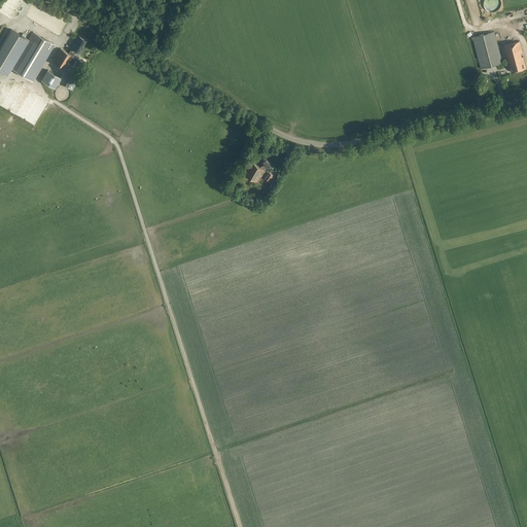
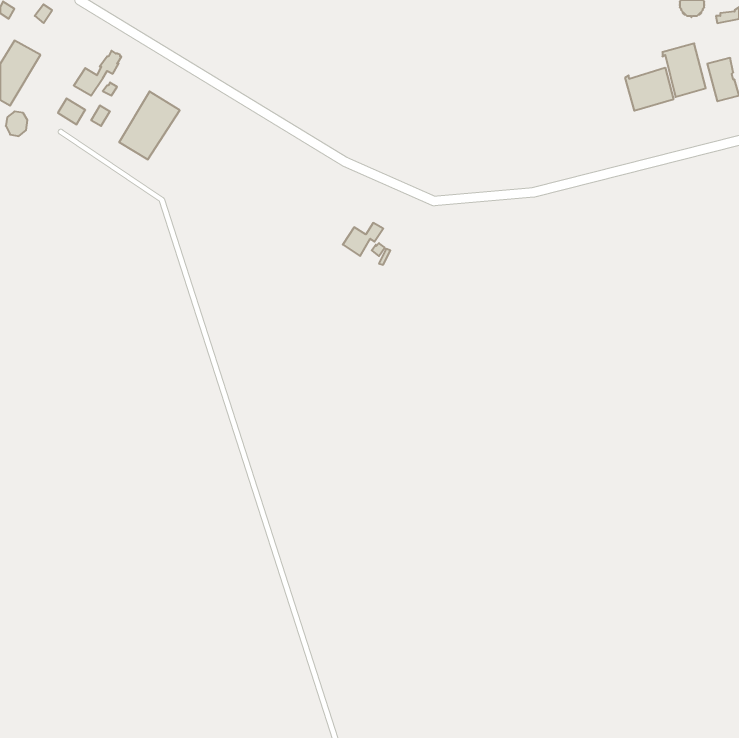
building: [11,33,55,81] -> [119,91,180,159]
building: none -> [625,68,673,111]

